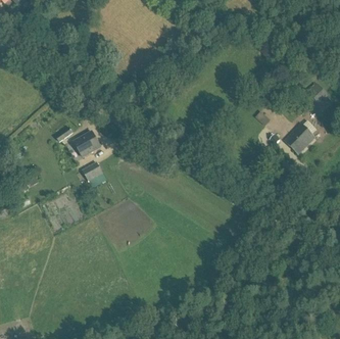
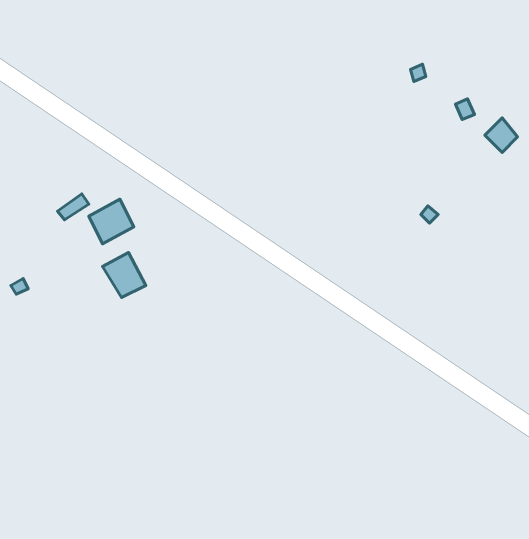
building: [285,124,314,153] -> none

